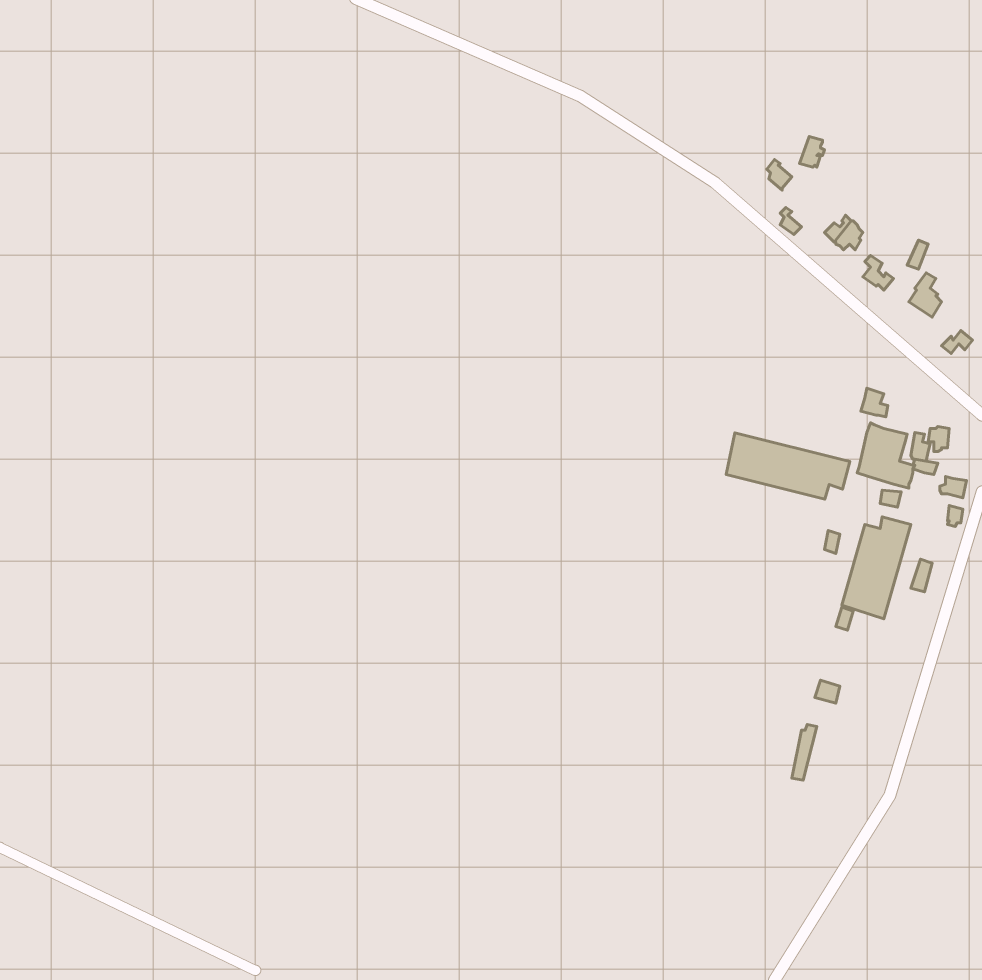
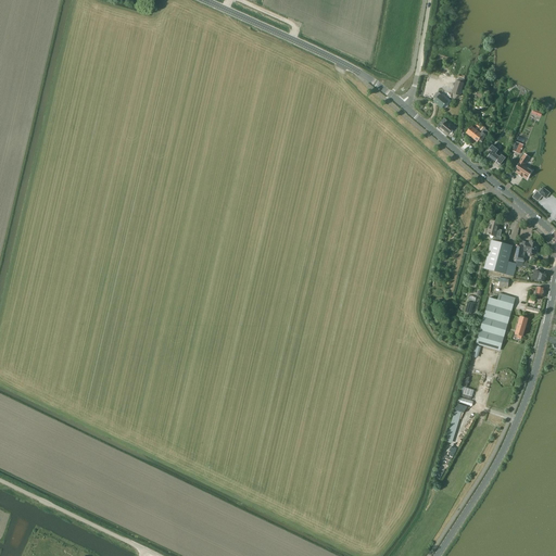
building: [726,433,850,499] -> none

